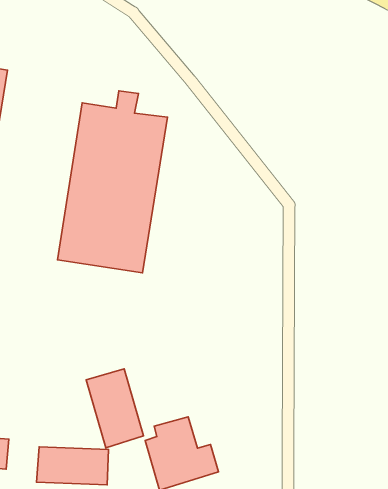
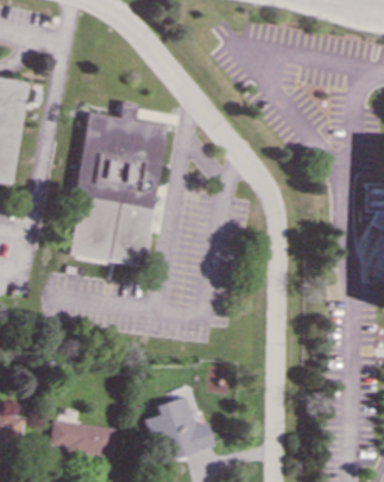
building: [86,369,144,448] -> none

